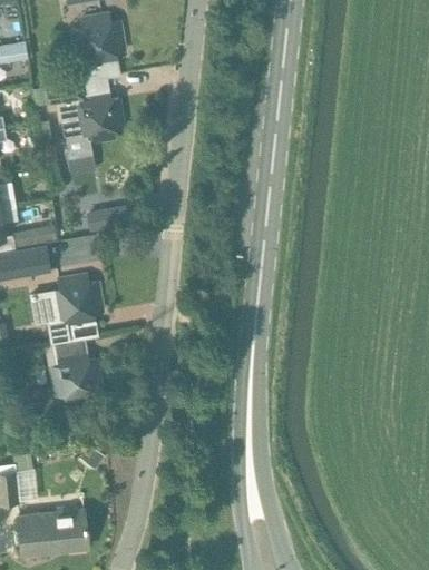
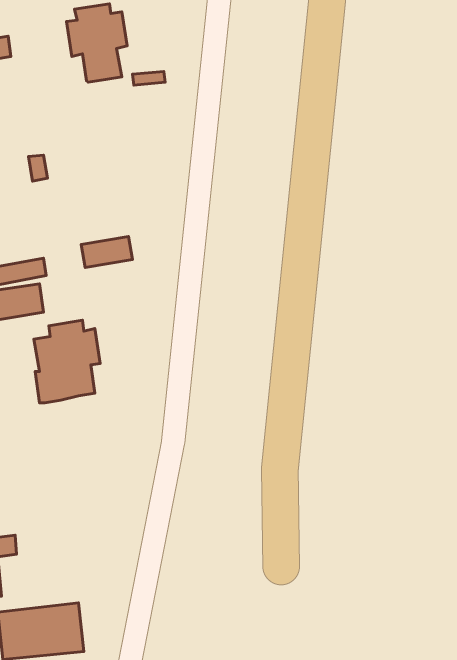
building: [46,78,124,158] -> none
building: [51,338,101,403] -> none

